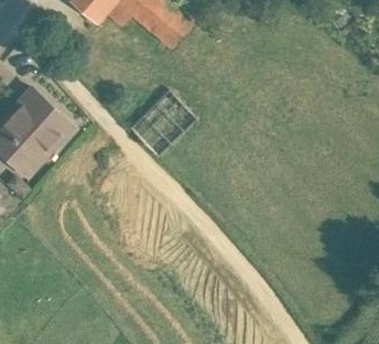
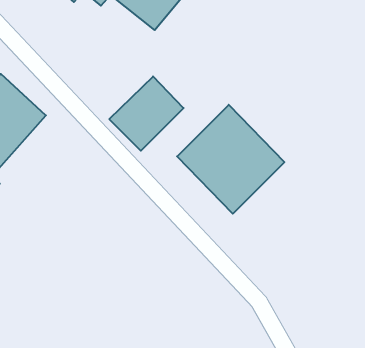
building: none -> [177,105,284,214]

